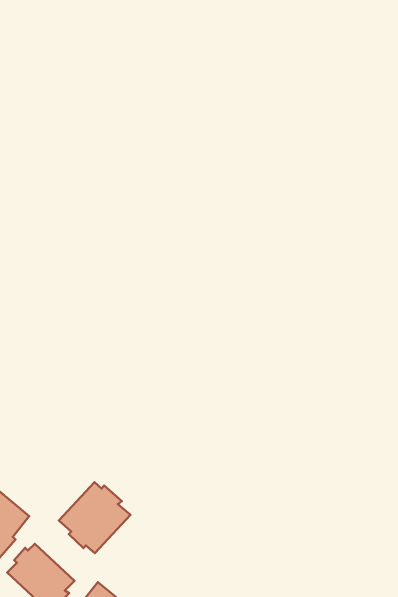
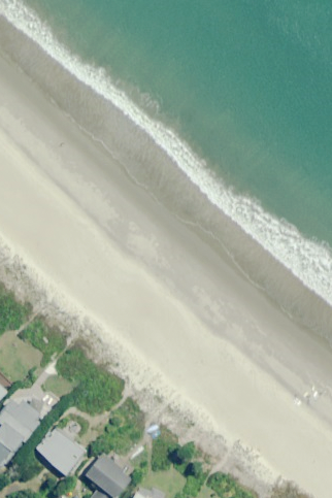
building: [59,482,130,553] -> none

